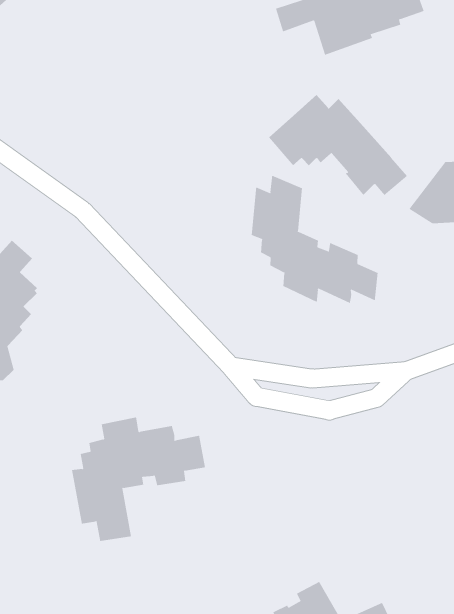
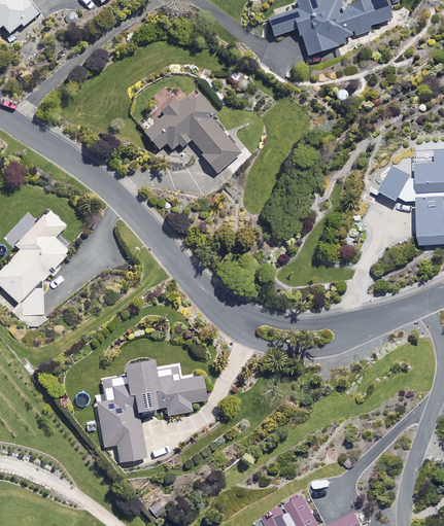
building: [268,94,408,196] -> [137,90,253,174]
building: [251,175,378,304] -> none

